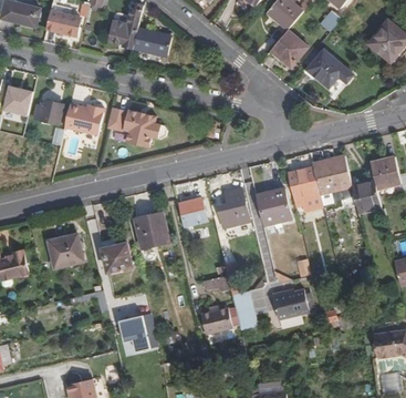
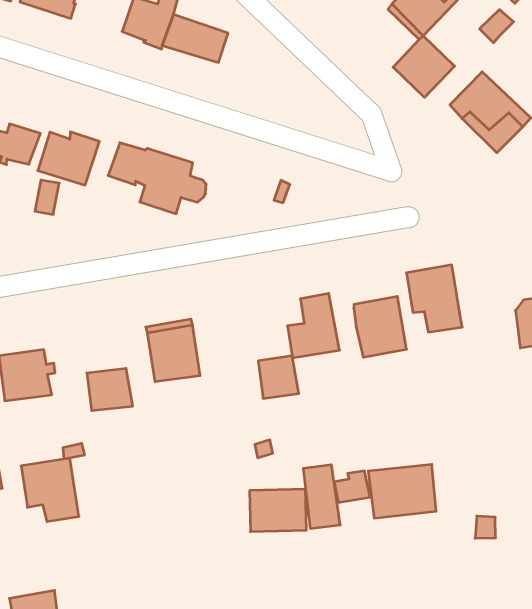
building: [312,155,352,194] -> none
building: [180,198,206,225] -> [258,356,299,398]
building: [121,313,157,351] -> [21,458,79,522]

